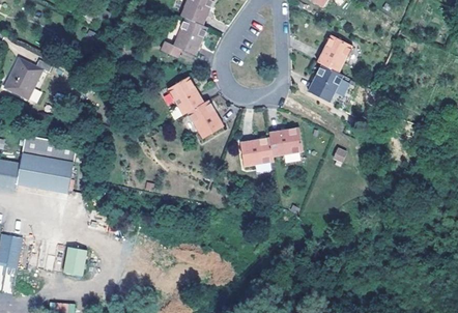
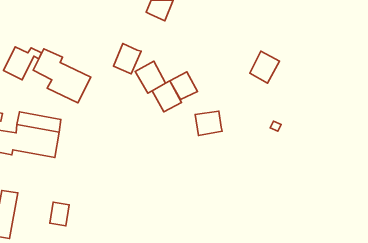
building: [174,18,208,55] -> [113,43,141,74]
building: [317,34,353,73] -> none
building: none -> [33,49,91,103]
building: none -> [170,72,197,100]
building: [268,127,303,156] -> none

